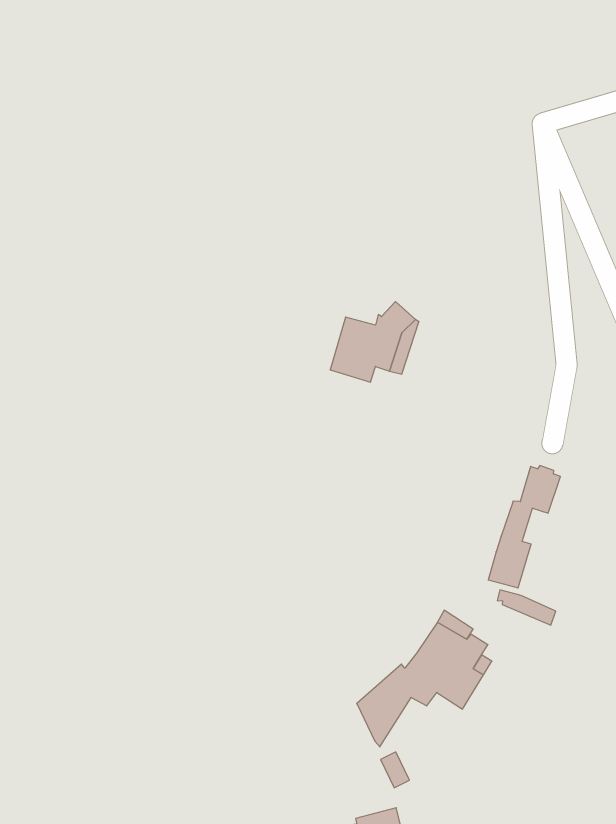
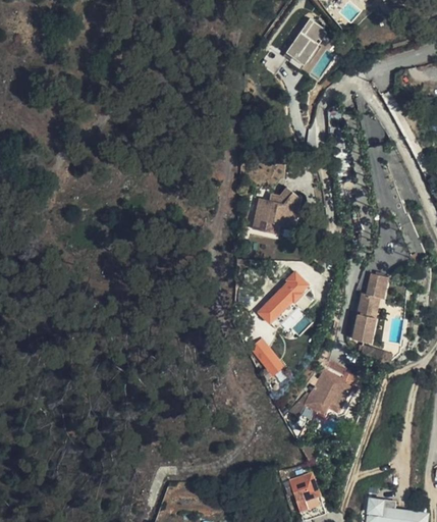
building: none -> [284,19,326,66]
building: none -> [258,271,310,329]
building: none -> [249,338,283,375]

